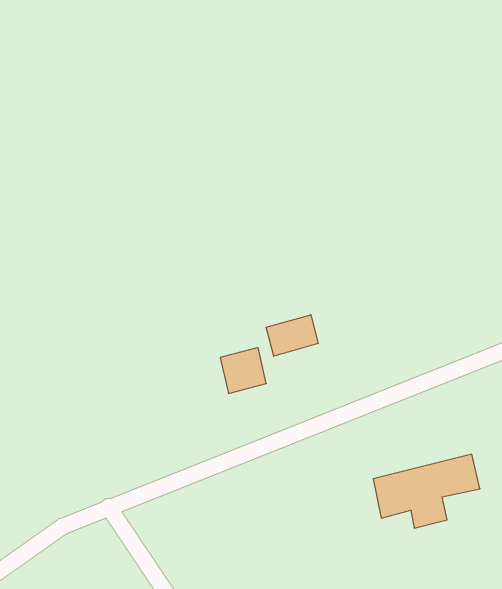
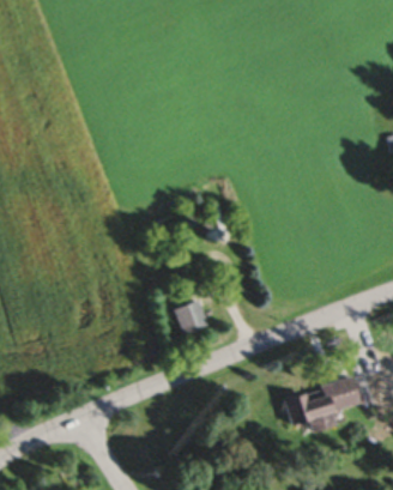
building: [266,315,318,356] -> none

